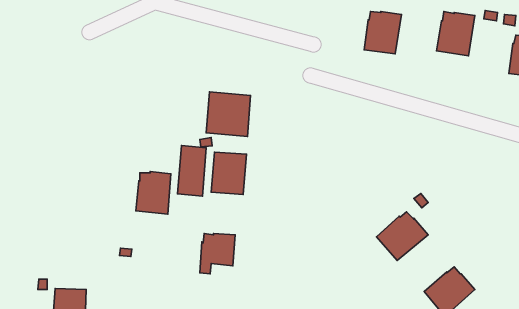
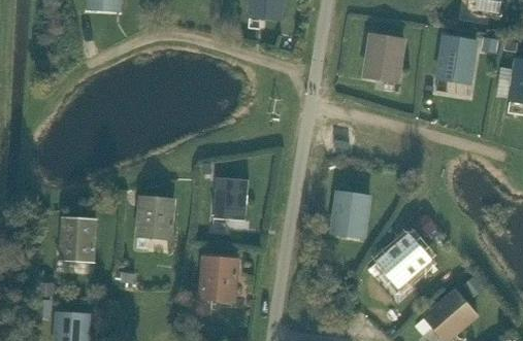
building: [206,92,251,136] -> none
building: [178,145,206,196] -> none
building: none -> [332,194,369,233]
building: none -> [60,218,95,261]

